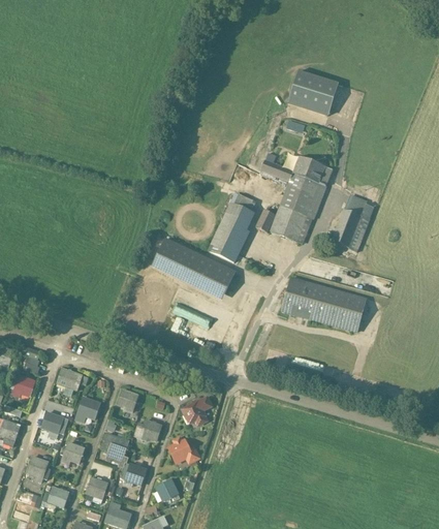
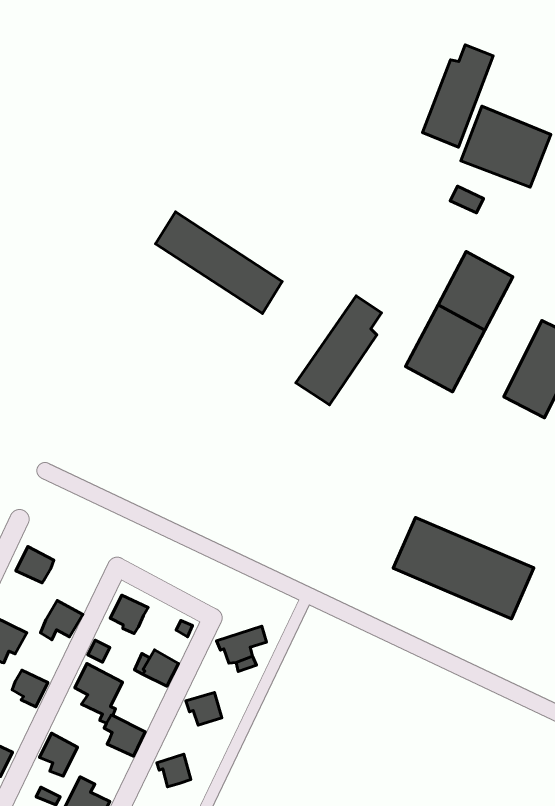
building: none -> [422,45,493,147]
building: [156,239,234,292] -> [156,212,282,313]
building: [282,278,366,331] -> [393,518,534,619]

